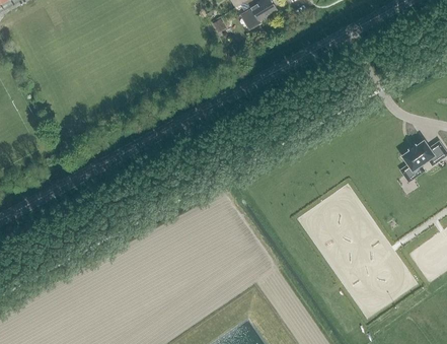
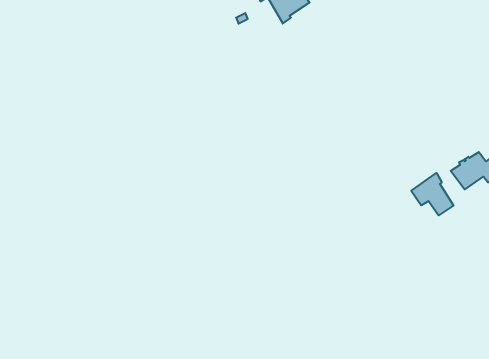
building: none -> [411,173,453,215]

